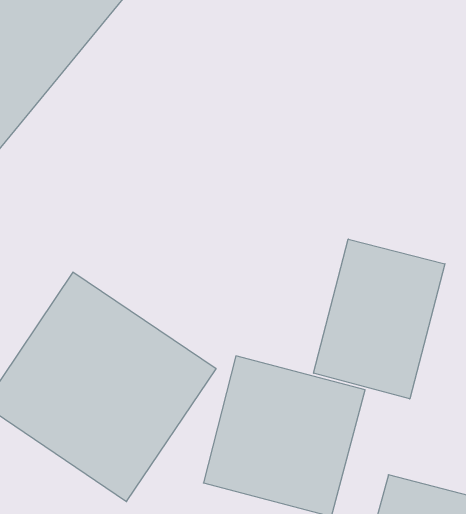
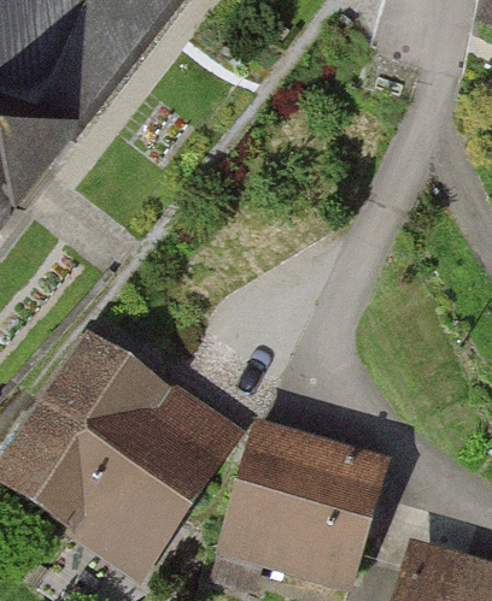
building: [314,239,445,399] -> none

